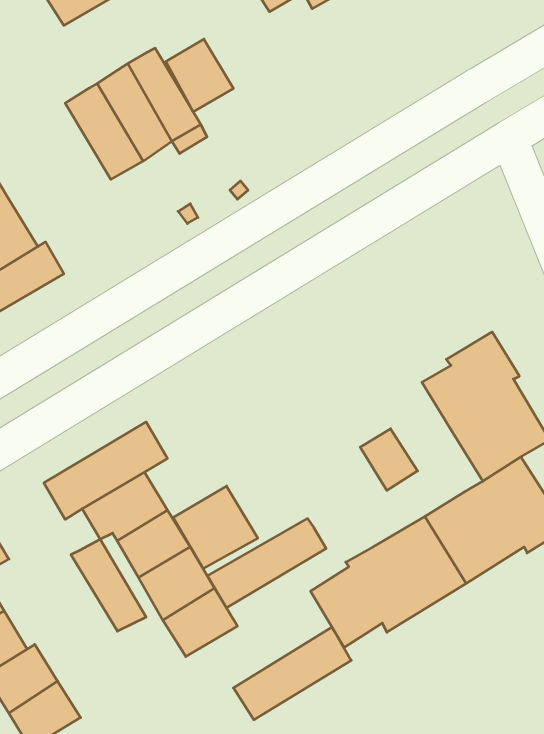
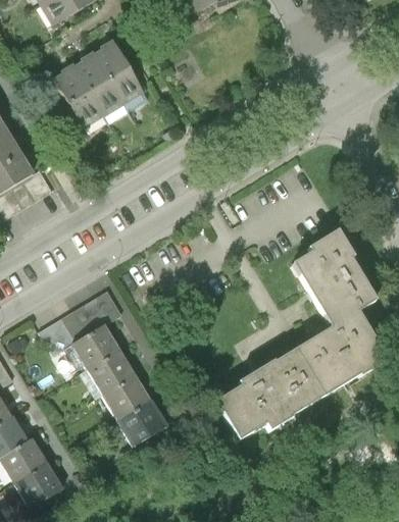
building: [166,39,233,112] -> none
building: [360,429,418,490] -> none
building: [173,486,258,568] -> none
building: [208,519,326,608] -> none
building: [71,539,146,631] -> none
building: [233,627,351,720] -> none

